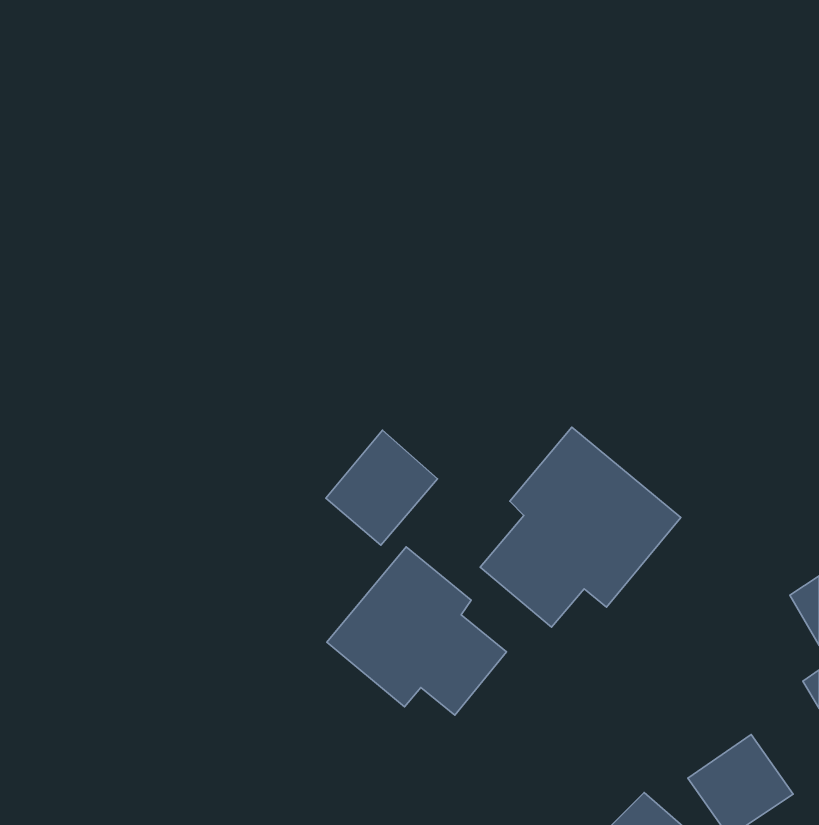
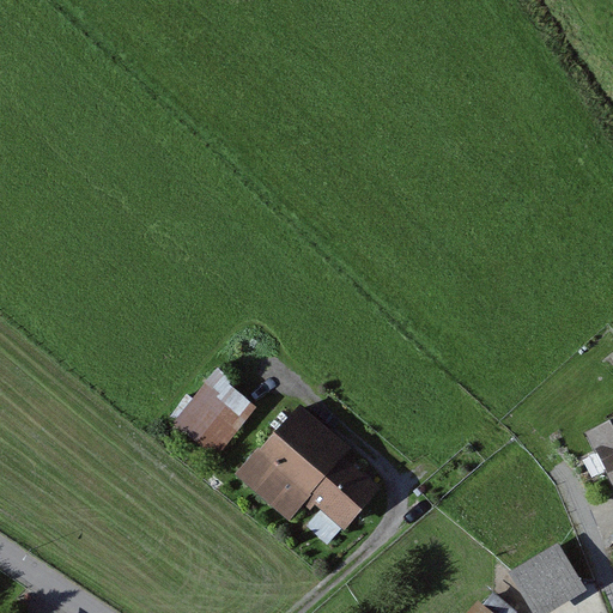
building: [480,427,681,627] -> none
building: [326,430,438,545] -> [174,374,256,459]

